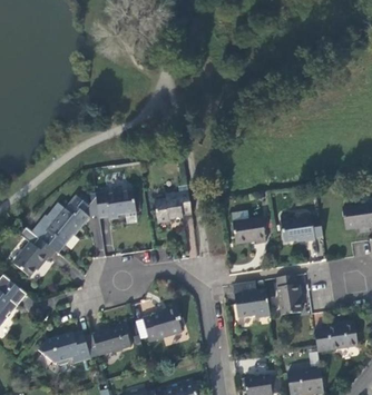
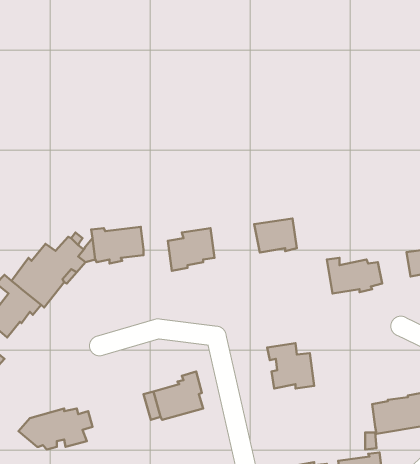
building: [233,217,266,244] -> [254,218,297,253]
building: [277,274,302,314] -> none
building: [92,319,133,356] -> none

